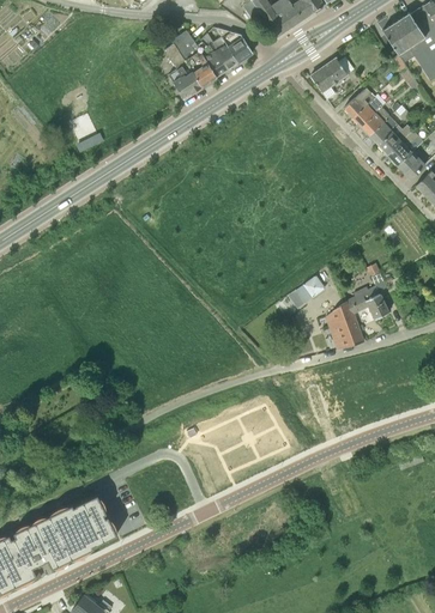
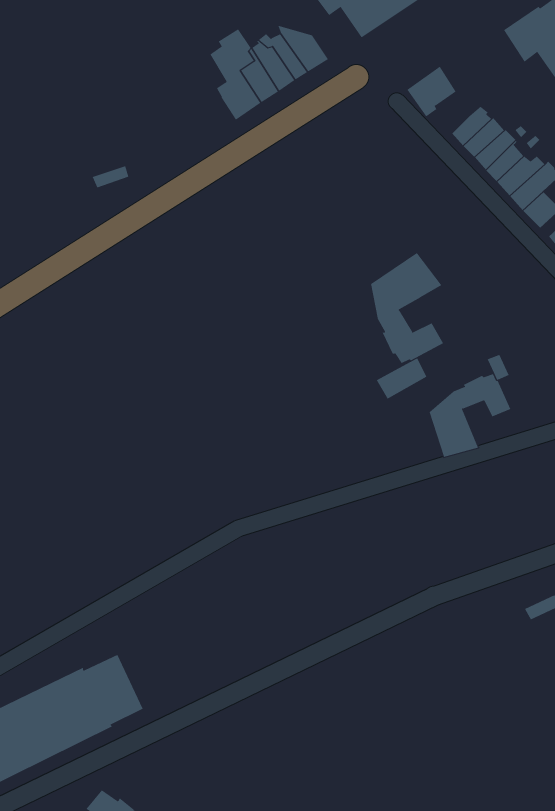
building: none -> [371,252,444,364]

